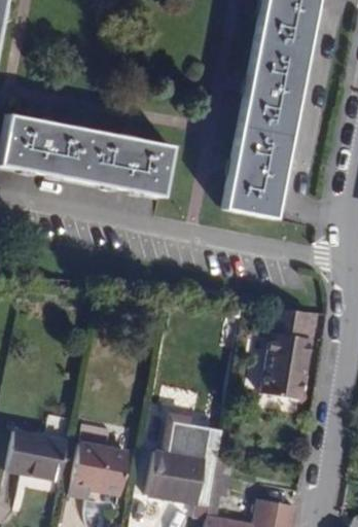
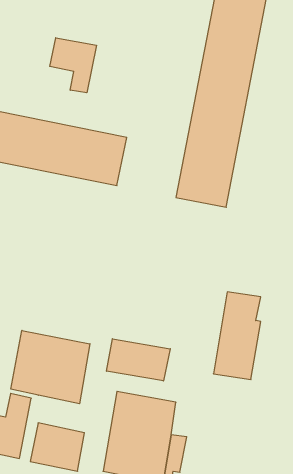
building: none -> [50,38,96,93]
building: none -> [11,330,90,404]
building: none -> [107,339,170,381]

